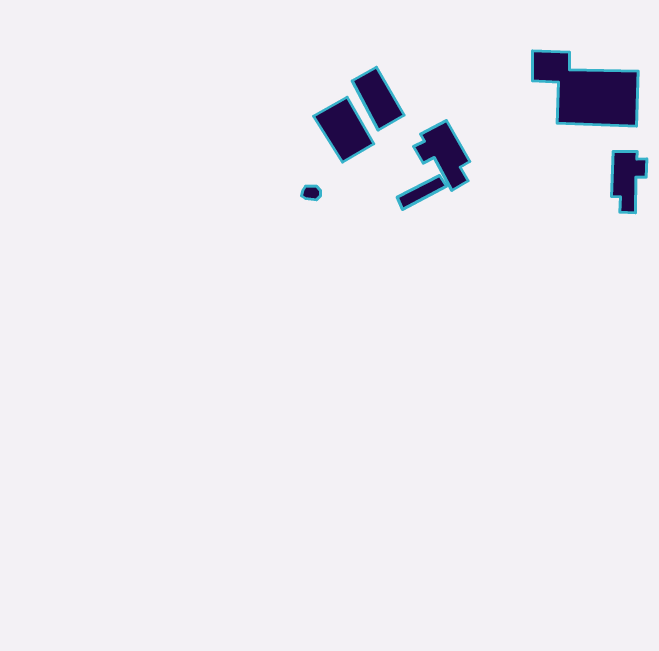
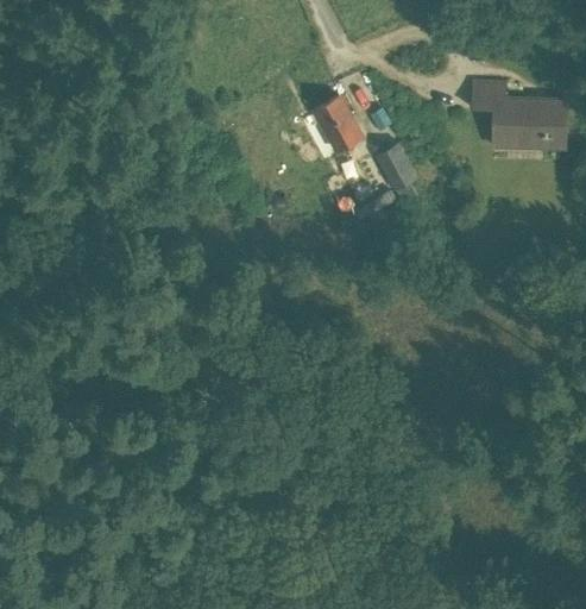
building: [314,97,374,162] -> none
building: [612,152,647,213] -> none

